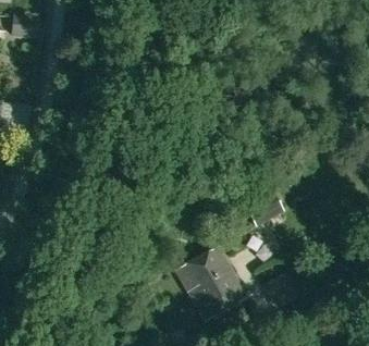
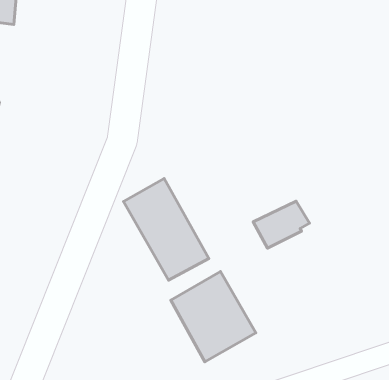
building: none -> [124,179,209,280]

